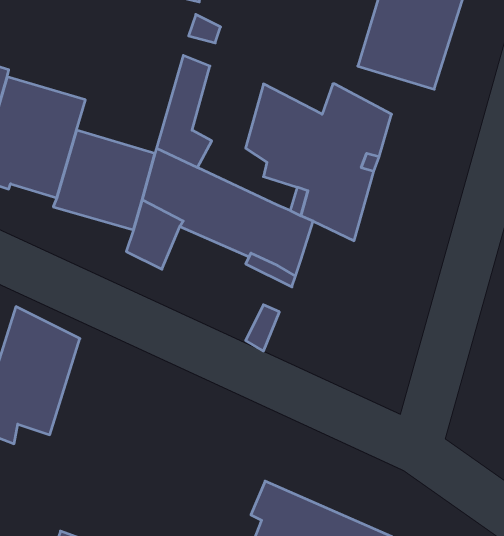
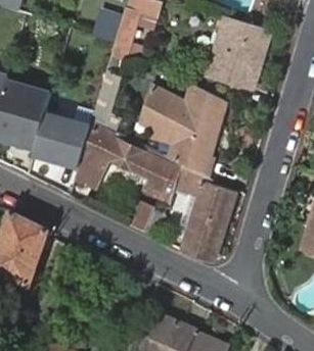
building: none -> [175,163,234,260]

